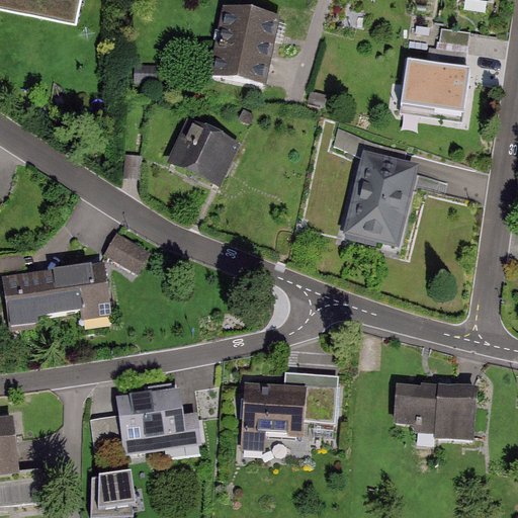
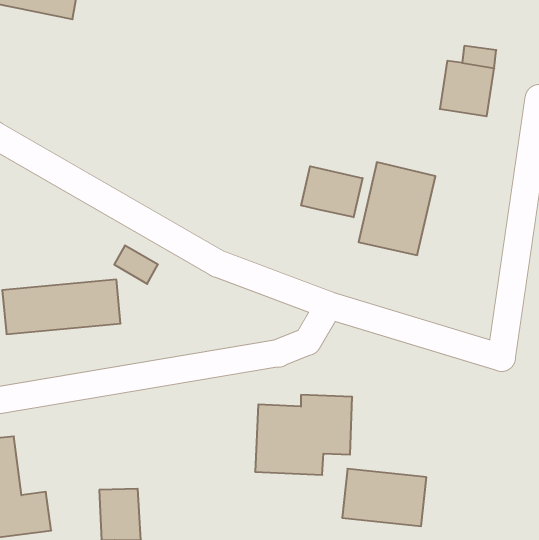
building: [211,7,274,84] -> none
building: [167,121,235,186] -> none
building: none -> [301,166,363,217]
building: [399,377,479,432] -> [342,469,426,526]
building: [92,391,192,455] -> none

